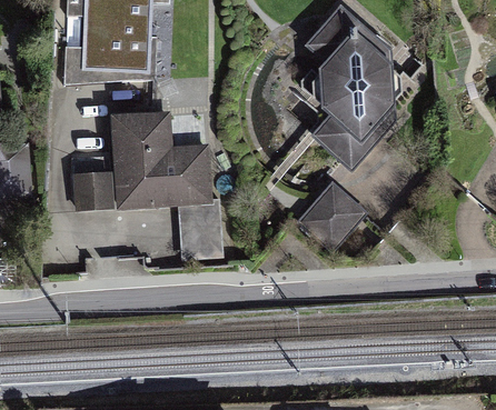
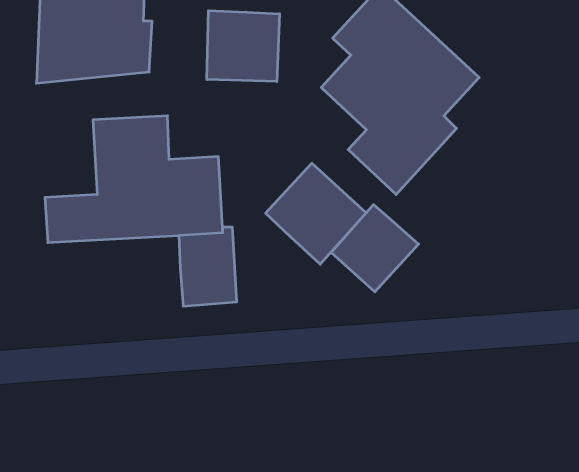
building: none -> [207,11,280,82]
building: none -> [266,163,366,264]

